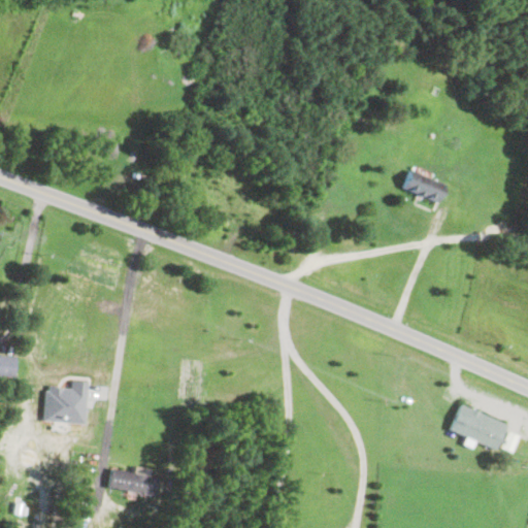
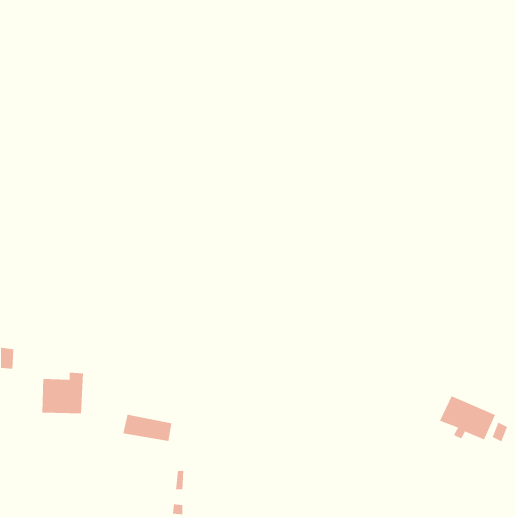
building: [403,171,446,203] -> none
building: [109,469,160,497] -> [123,414,172,441]

